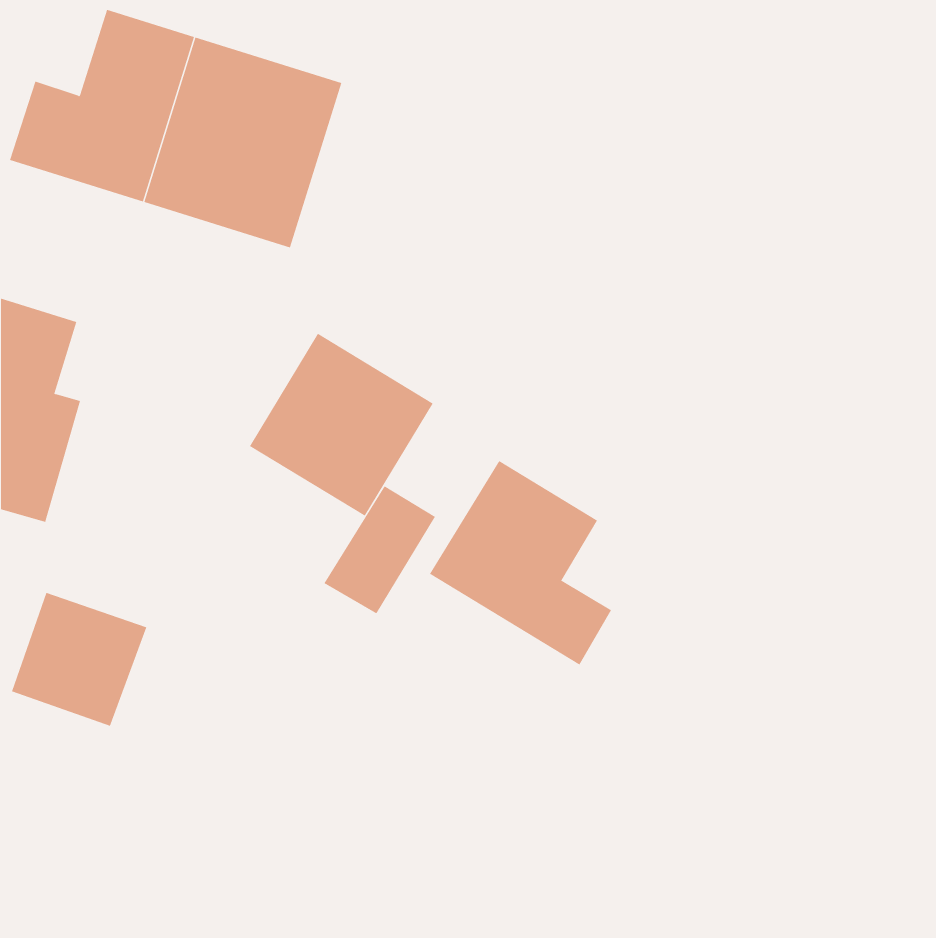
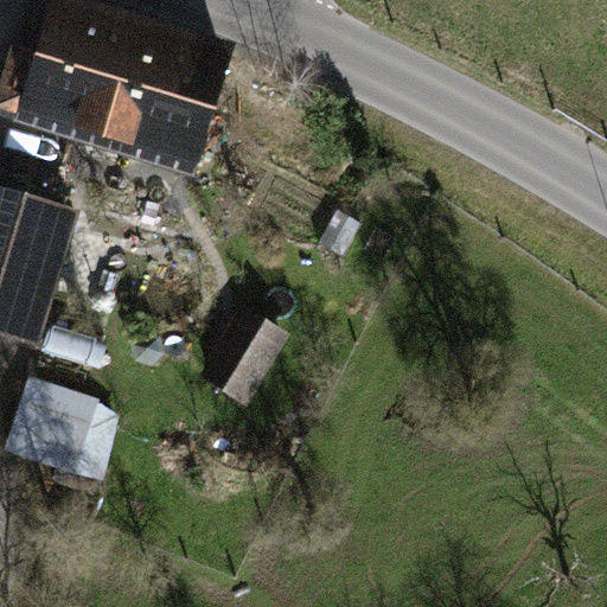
building: [249,333,434,517] -> none
building: [429,460,612,665] -> none

